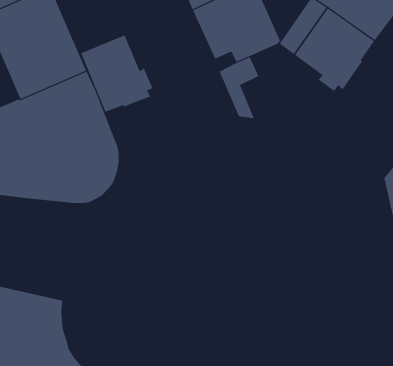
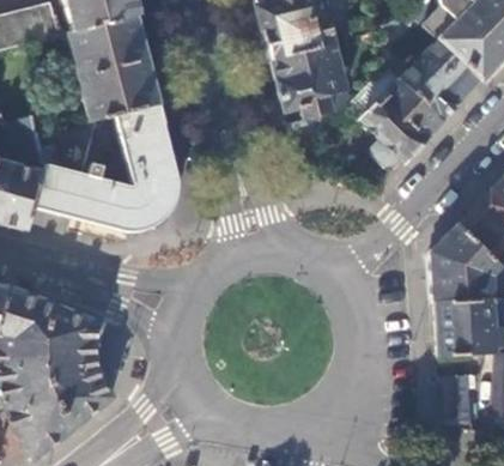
building: [81,35,153,112] -> none

